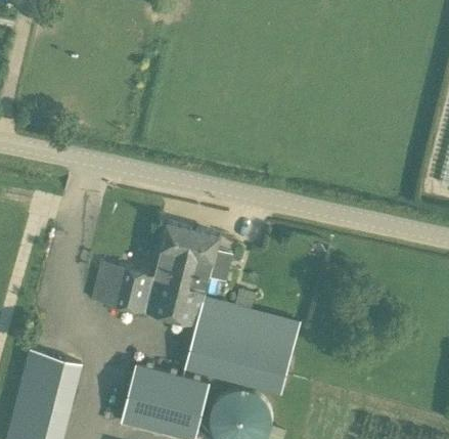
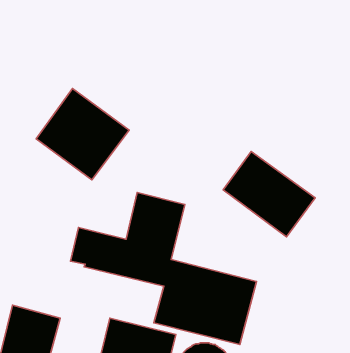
building: none -> [36,88,129,180]
building: none -> [223,151,315,237]

